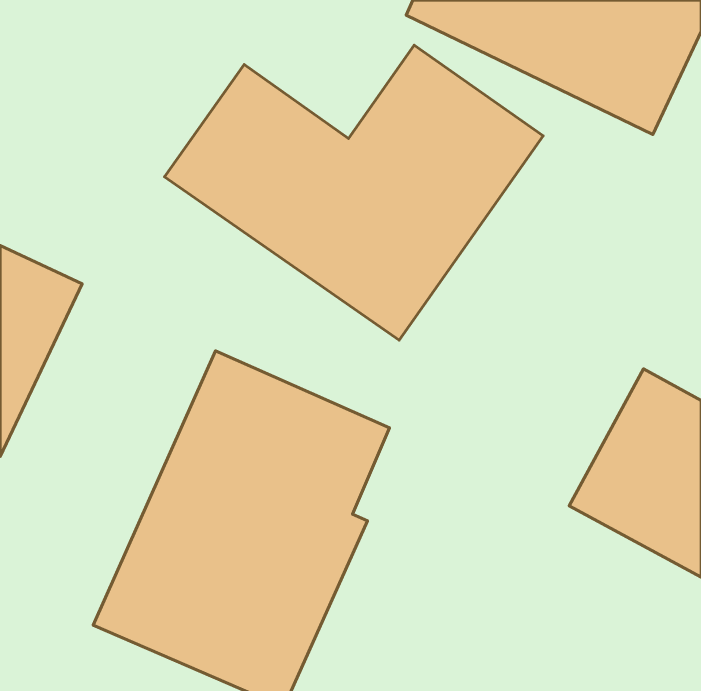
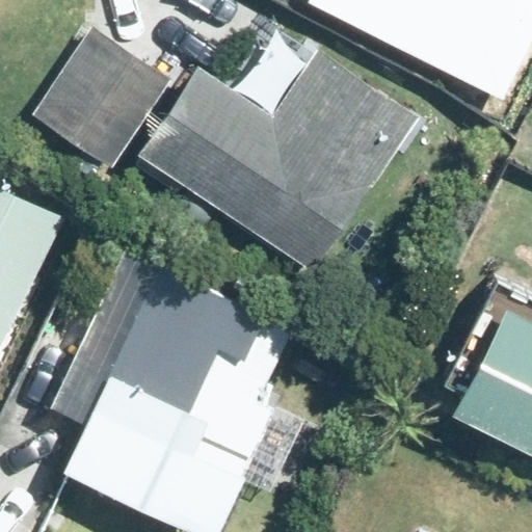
building: none -> [37,32,158,157]

